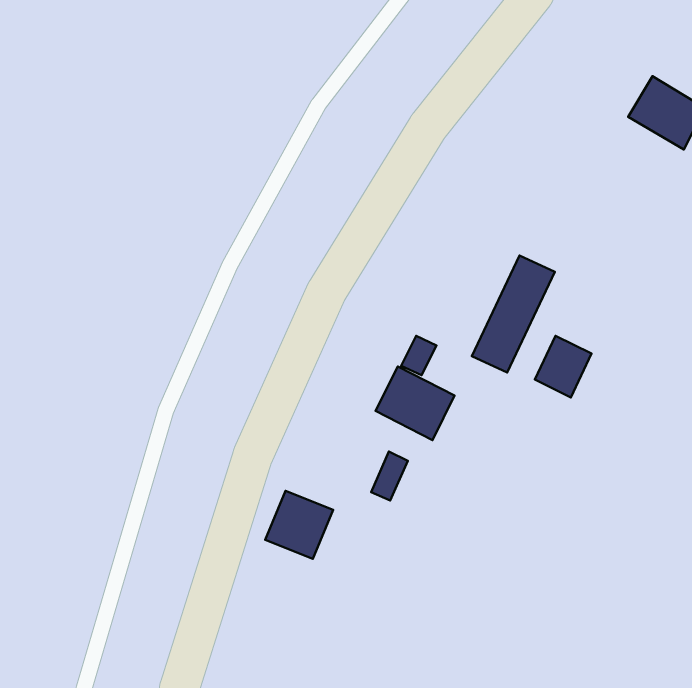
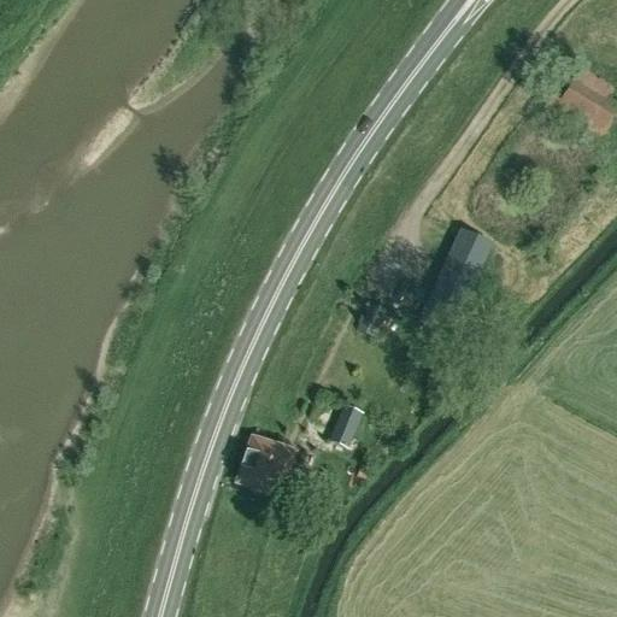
building: [535,336,592,397] -> none
building: [376,366,455,440] -> none

